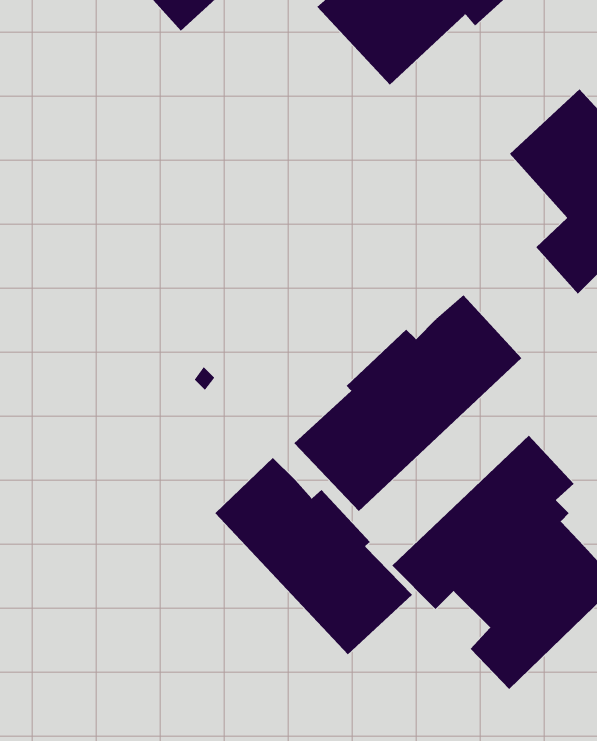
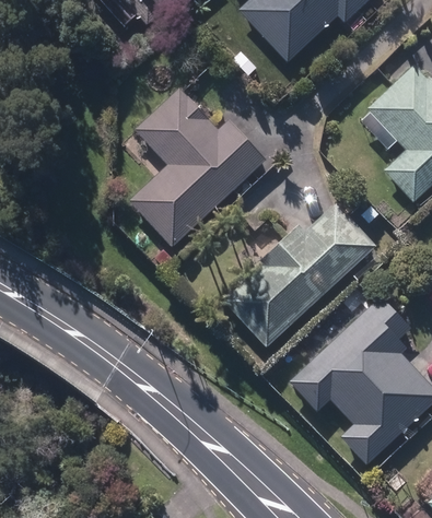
building: none -> [130,90,266,247]
building: [214,457,413,655] -> none

